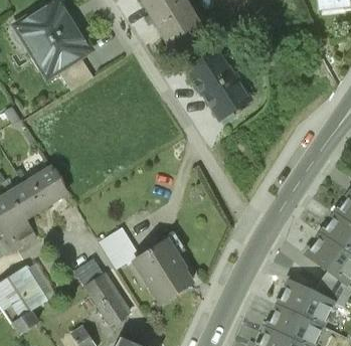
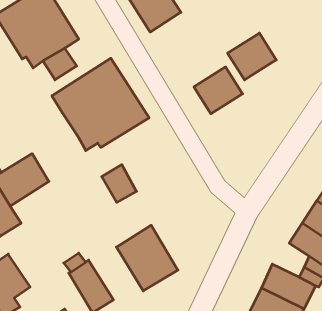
building: [195,50,244,98] -> [228,33,276,80]
building: none -> [52,58,149,151]
building: [102,228,137,267] -> [102,165,137,202]

